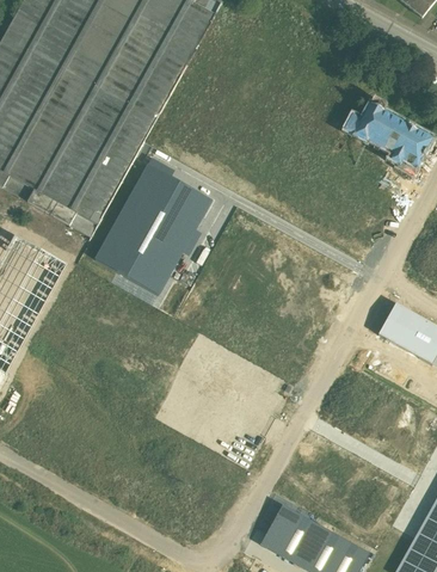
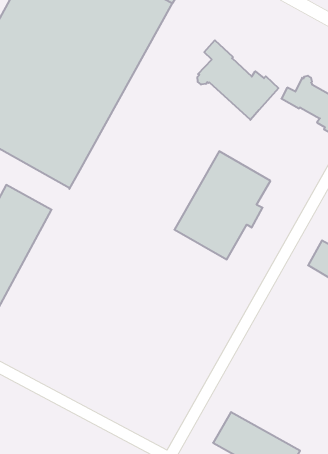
building: none -> [197,40,278,120]
building: [94,164,210,294] -> [174,151,270,259]

